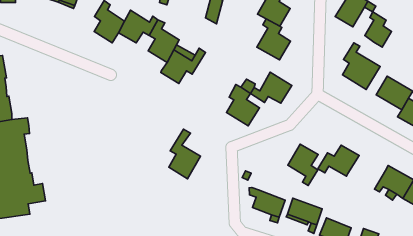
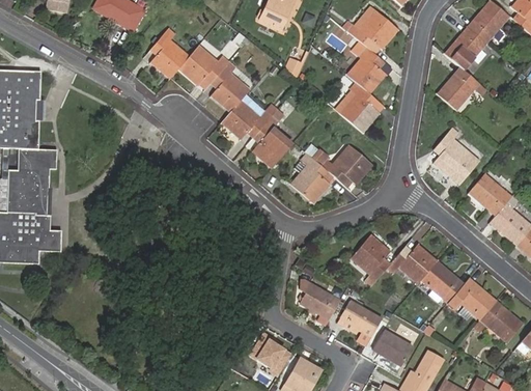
building: [365,12,392,47] -> none
building: [169,129,201,179] -> [252,109,291,168]
building: none -> [419,260,464,303]

